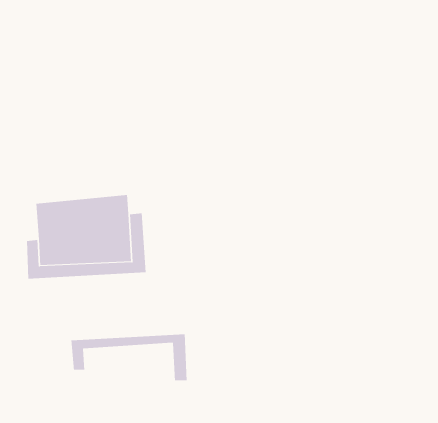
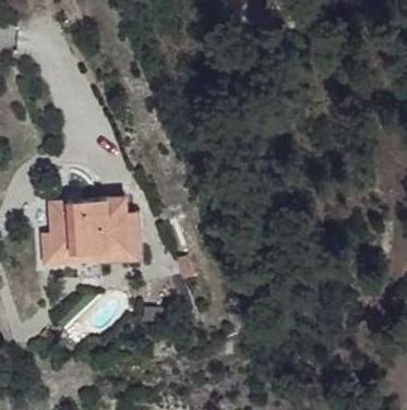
building: [71,333,187,381] -> none

